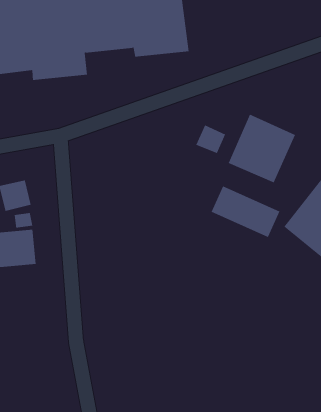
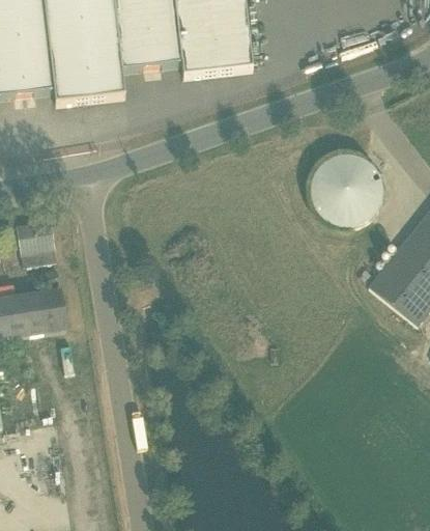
building: [195,125,226,154] -> none
building: [211,185,280,238] -> none

